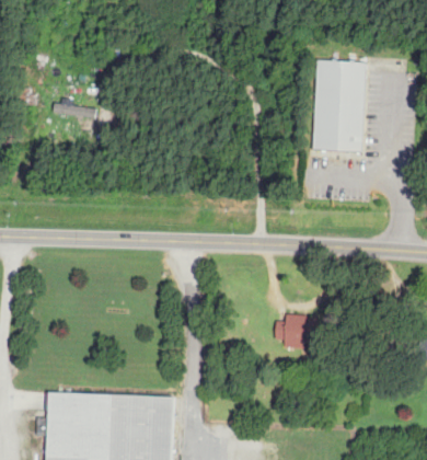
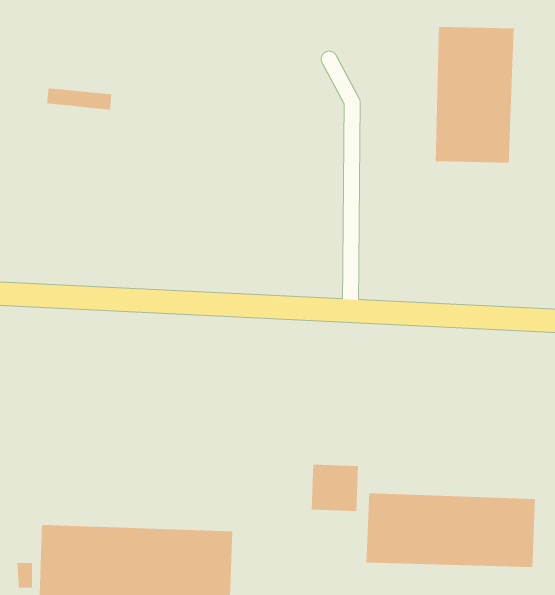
building: [282,315,314,347] -> [311,464,359,512]
building: none -> [366,493,536,568]

